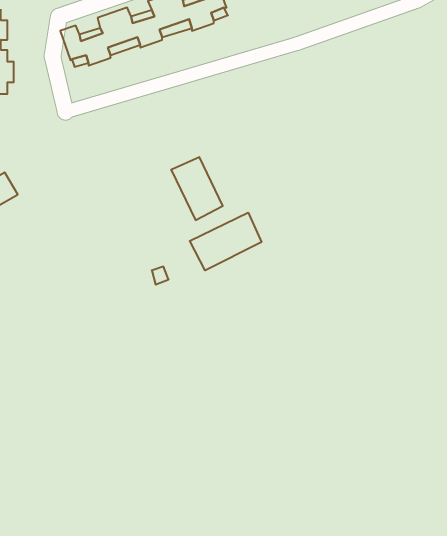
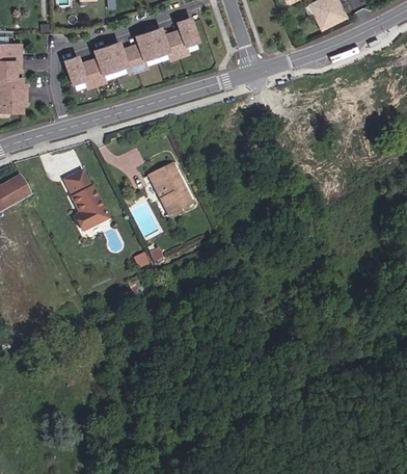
building: none -> [66,167,108,230]
building: [190,213,261,270] -> none

